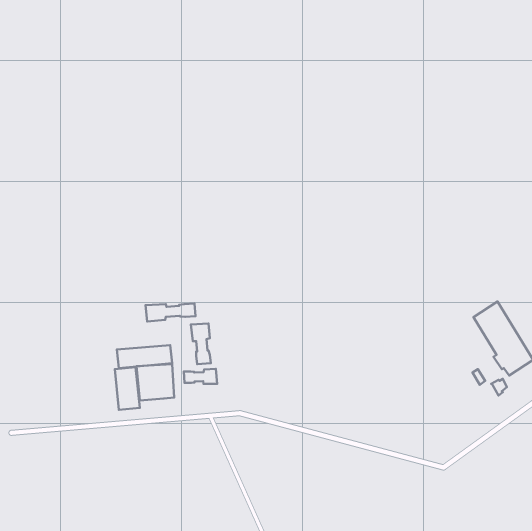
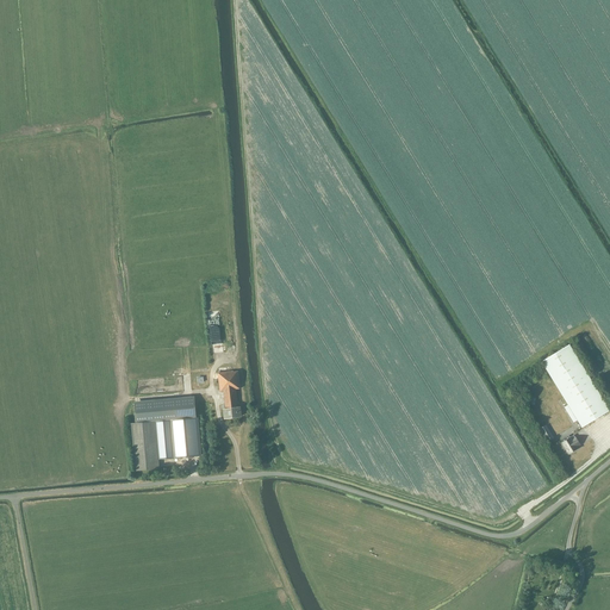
building: [145,304,196,322] -> none
building: [184,369,217,384] -> none

